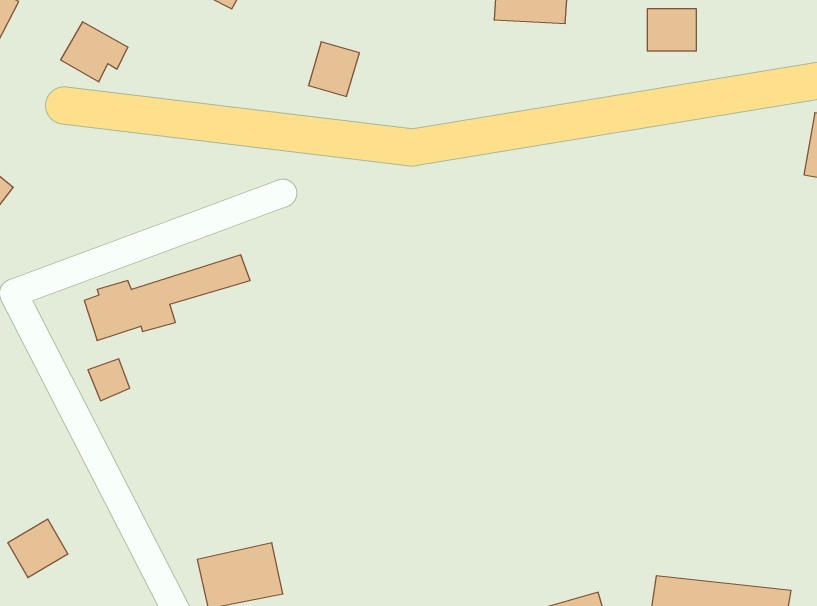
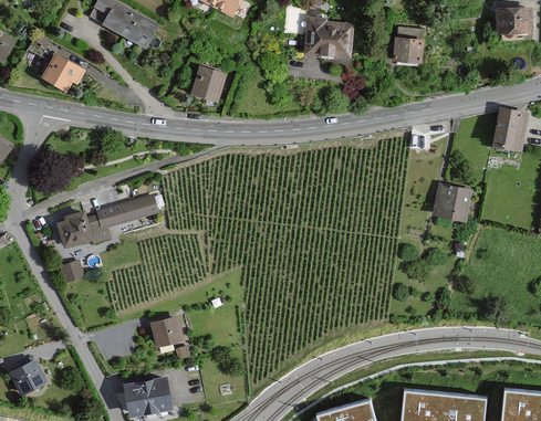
building: none -> [433,186,474,225]
building: none -> [152,312,185,344]

